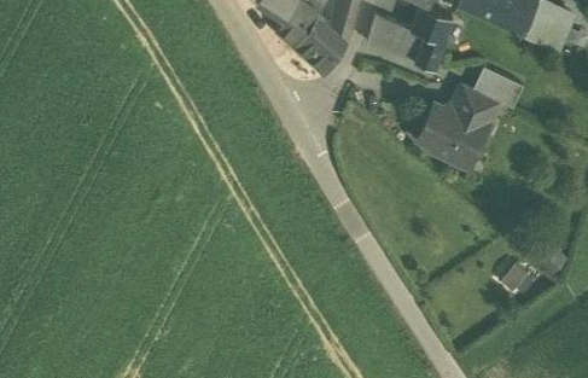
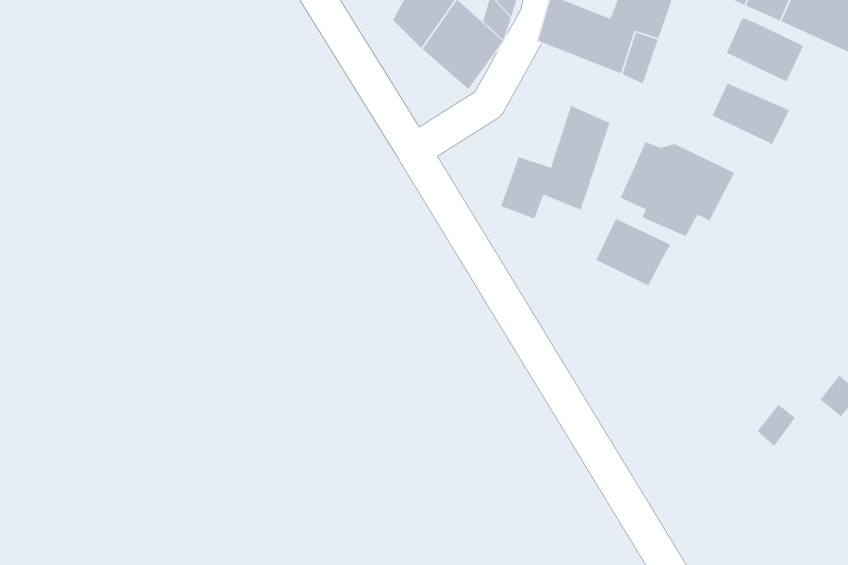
building: none -> [500,105,610,219]
building: [452,86,500,126] -> [726,18,804,83]
building: none -> [595,218,671,286]

